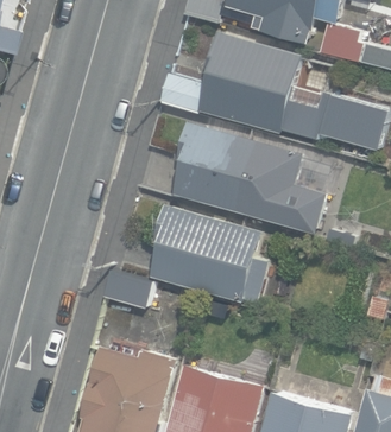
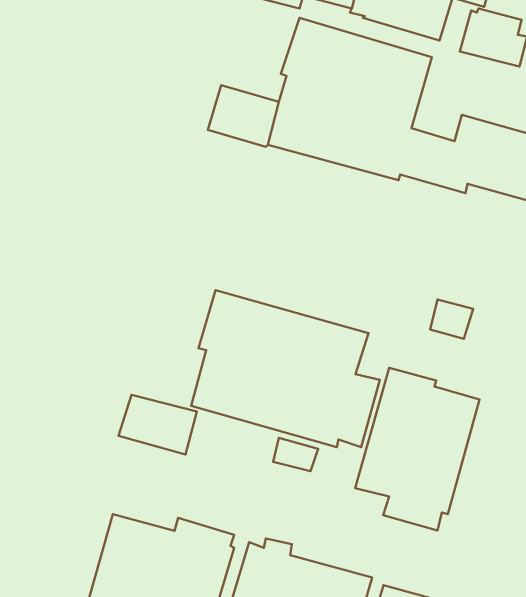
building: [174,120,298,222] -> none
building: none -> [355,368,480,531]

